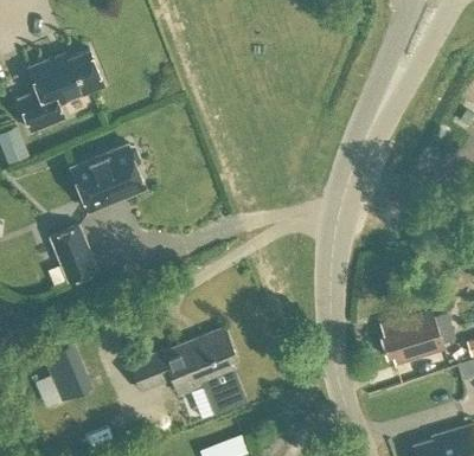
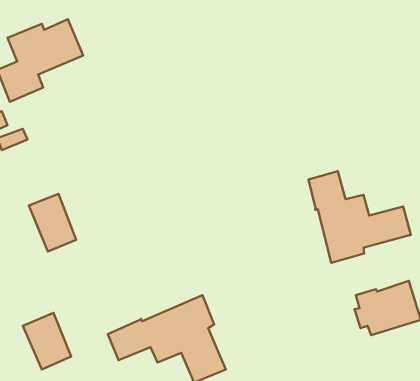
building: [70,146,145,212] -> none
building: none -> [309,171,411,263]

